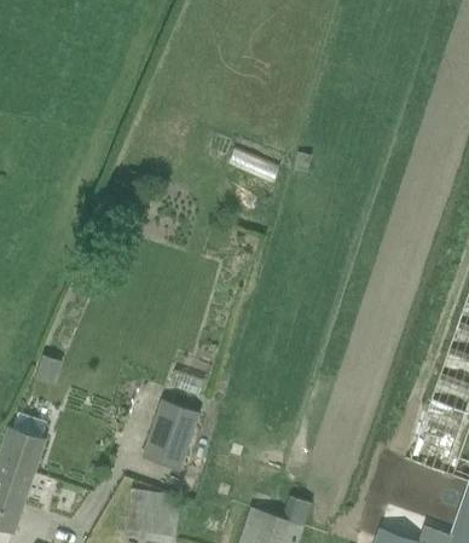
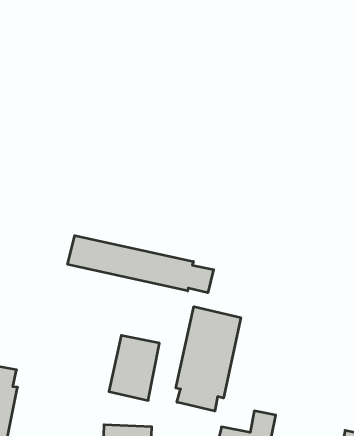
building: none -> [68,236,214,293]
building: none -> [176,307,241,411]

